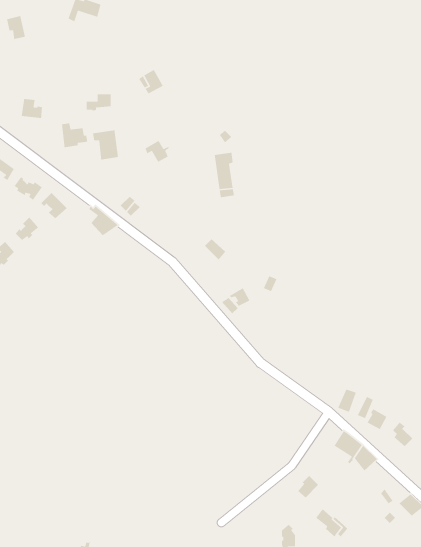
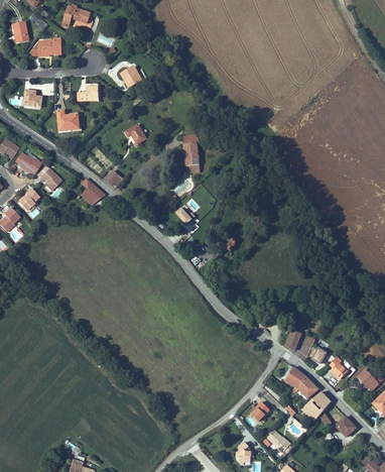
building: none -> [31,37,60,55]
building: [92,129,119,161] -> none
building: none -> [302,391,331,420]

